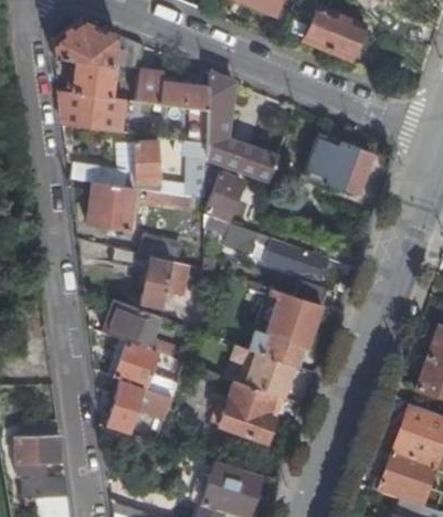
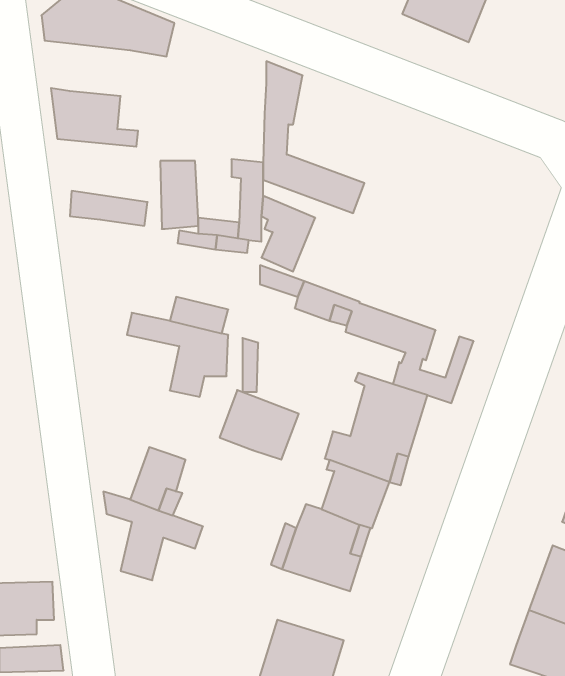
building: [72,60,114,97] -> none
building: [134,68,209,108] -> none
building: [305,134,371,193] -> none
building: [87,182,134,229] -> none
building: [104,299,159,348] -> [220,390,299,460]

